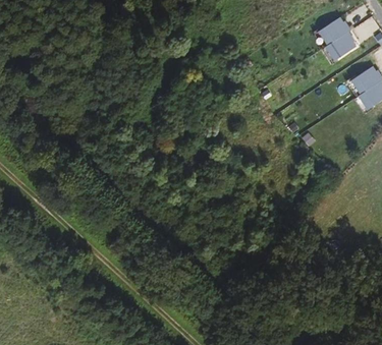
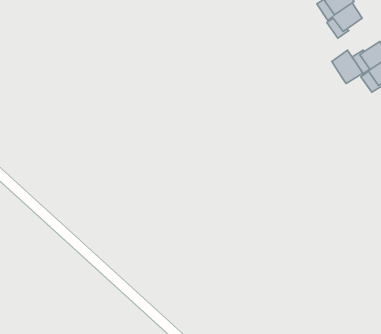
building: none -> [332,50,363,84]

